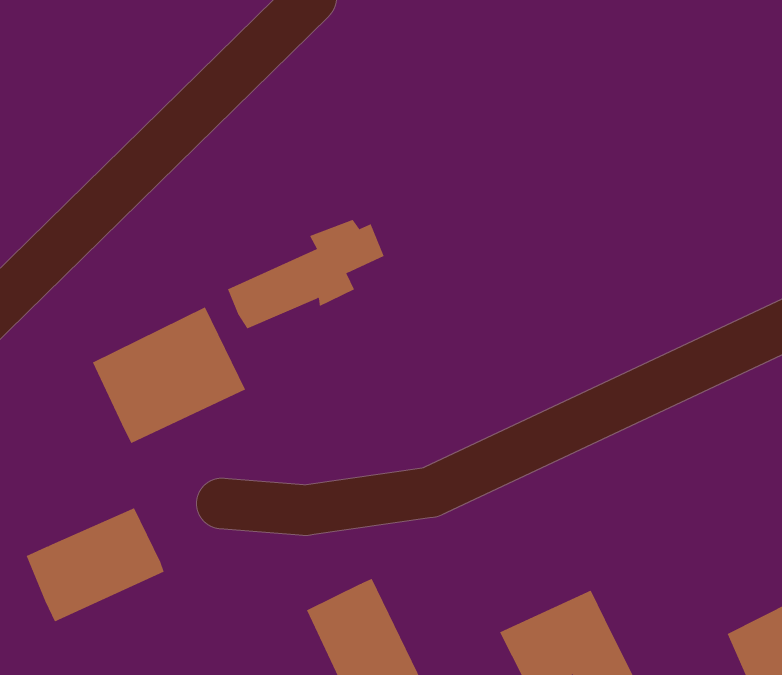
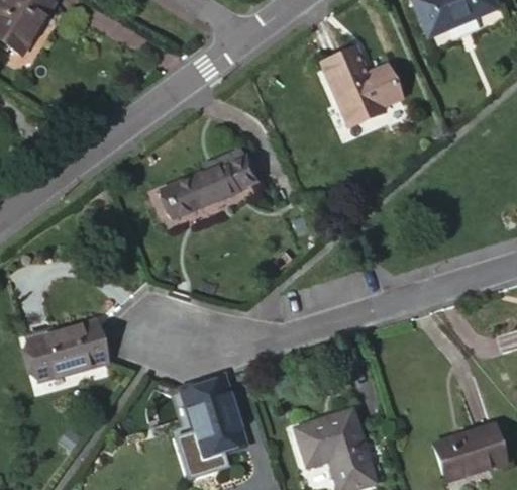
building: none -> [321,55,394,132]
building: [92,307,246,444] -> none

